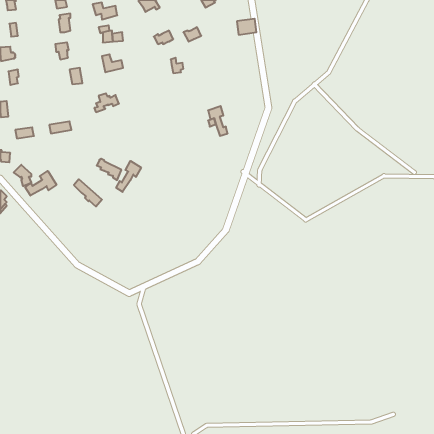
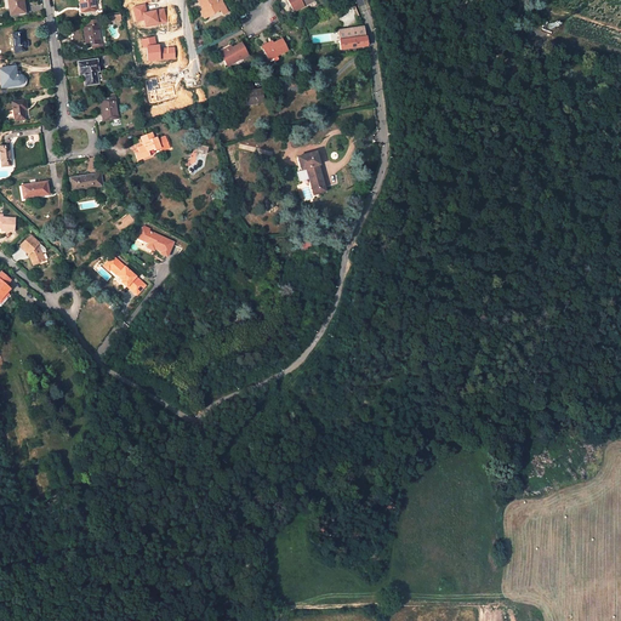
building: [116,161,141,192] -> none
building: [25,171,56,196] -> none

